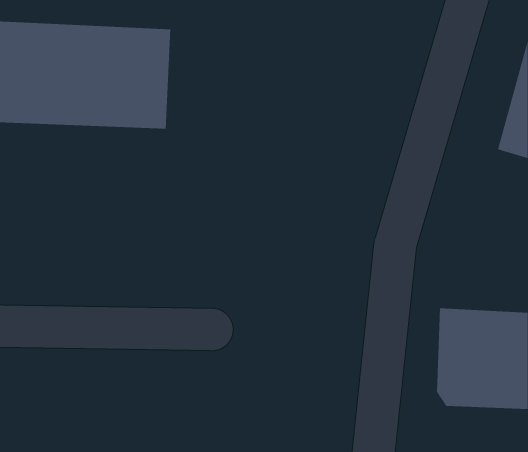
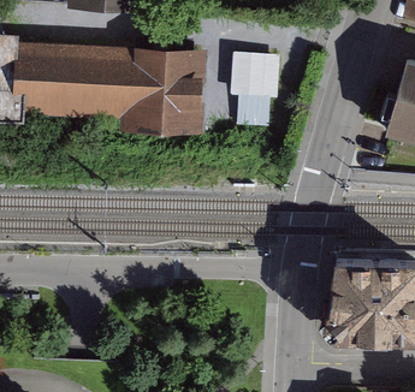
building: none -> [129,42,220,136]
building: none -> [232,48,281,125]

